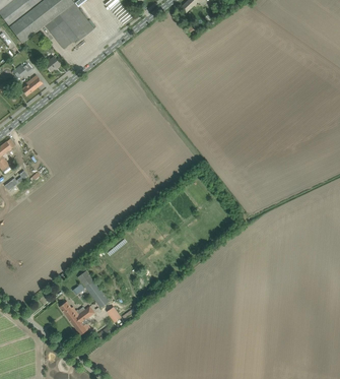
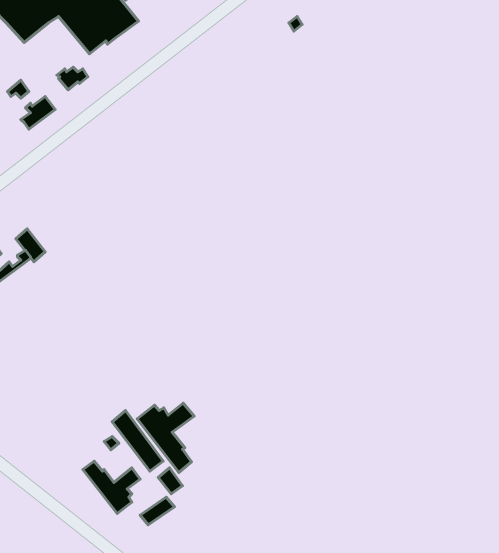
building: none -> [137,403,194,472]

